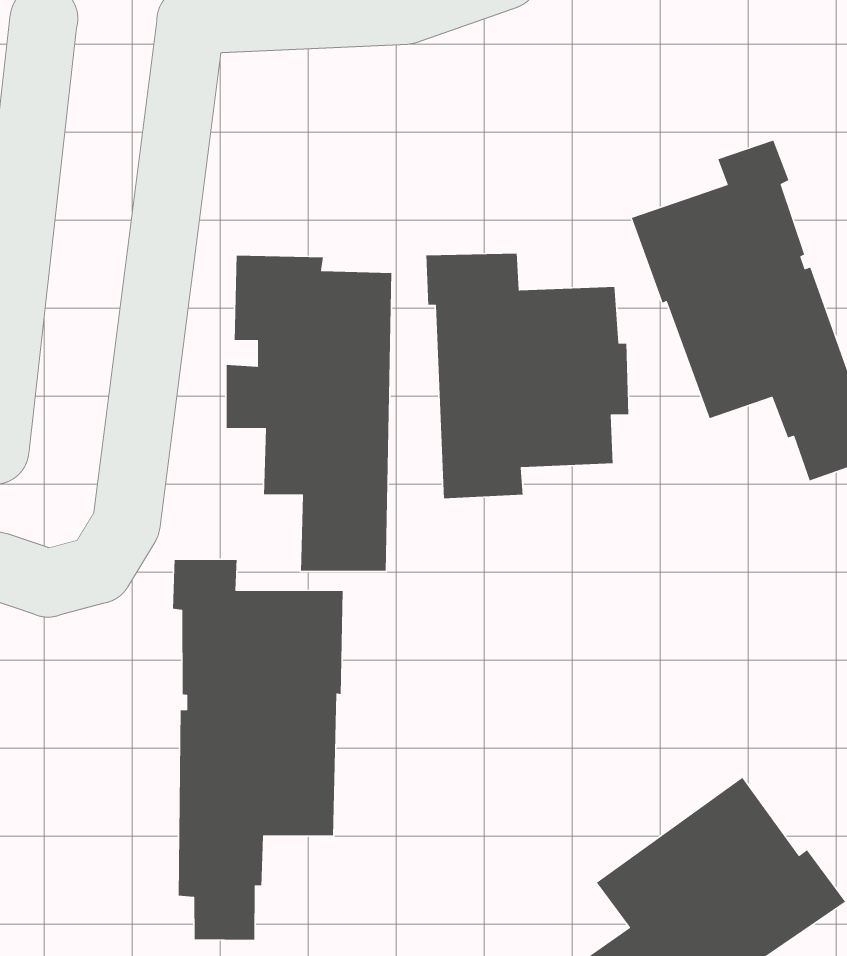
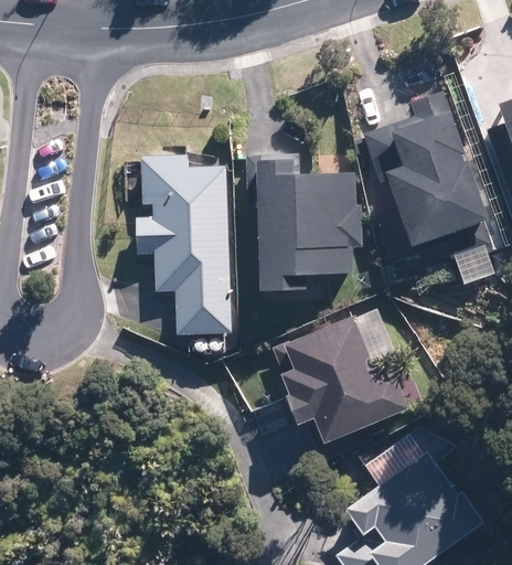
building: none -> [277,308,409,444]
building: [172,559,344,941] -> none

